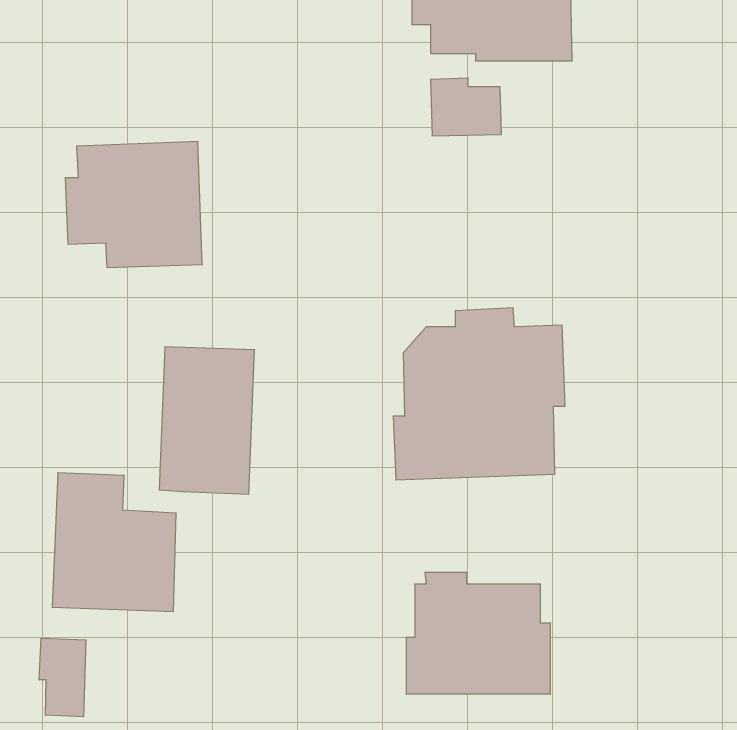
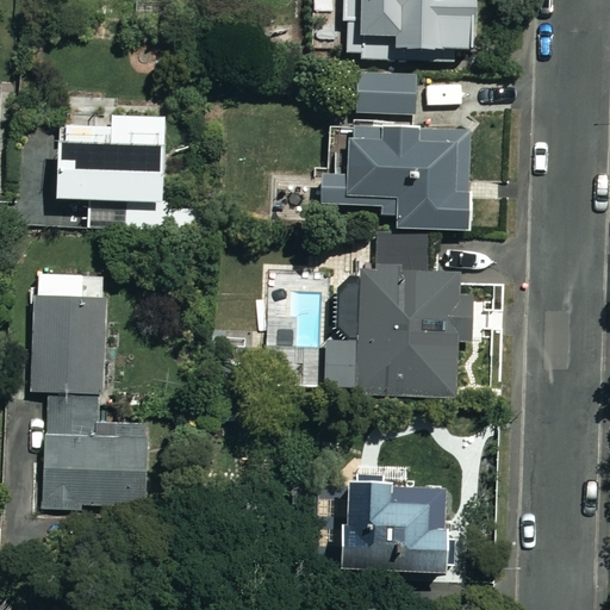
building: none -> [319,129,467,229]
building: [159,347,255,494] -> [30,270,108,392]
building: [39,638,86,717] -> none

